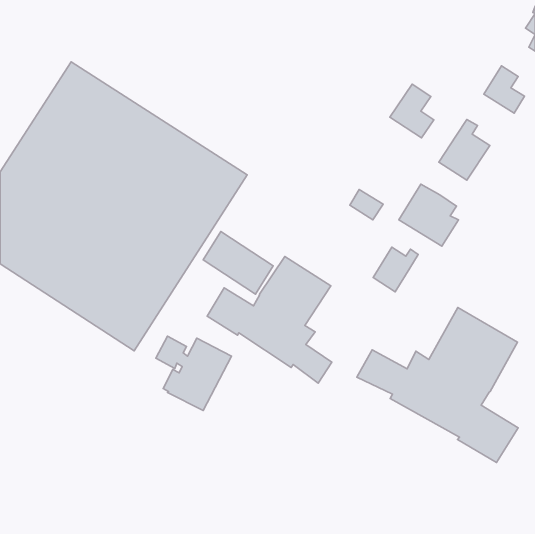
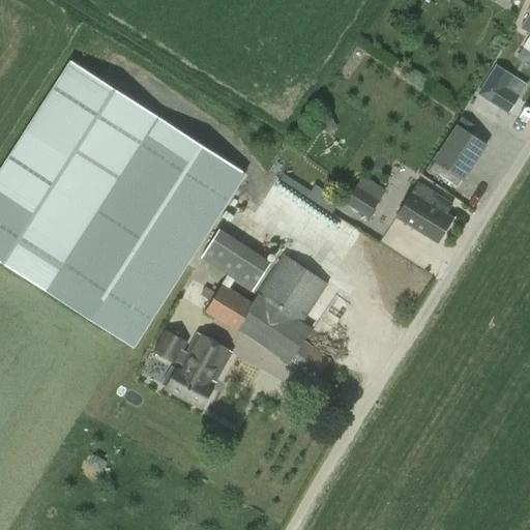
building: [390,84,434,138] -> none
building: [373,247,418,292] -> none
building: [357,307,518,463] -> none

